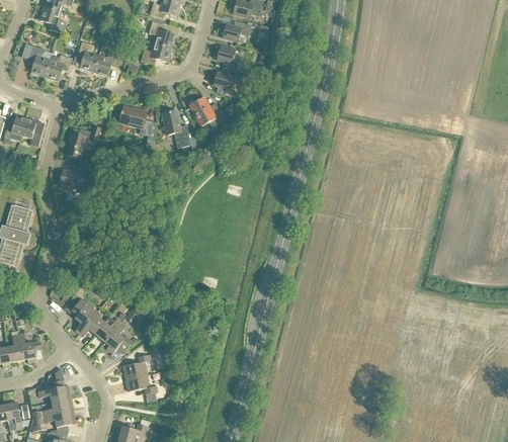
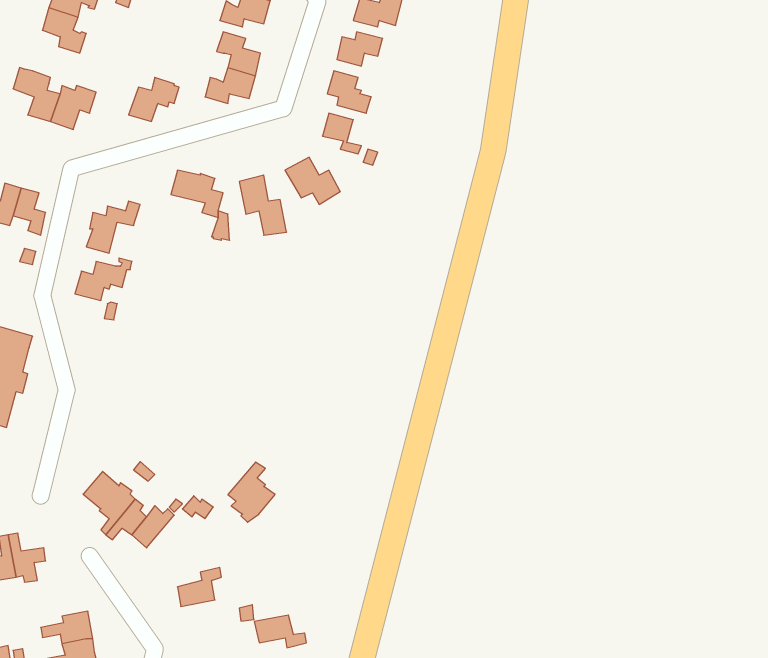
building: [77,40,98,72] -> none
building: [103,321,133,358] -> [228,462,275,522]
building: [124,373,157,393] -> [254,615,306,648]

